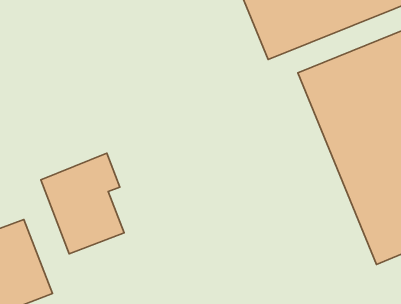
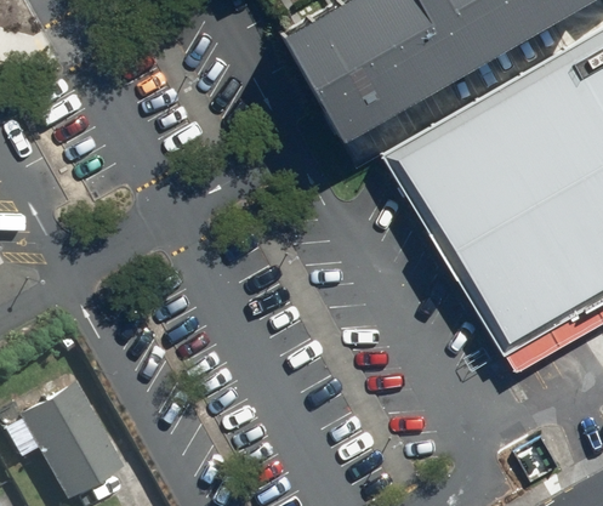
building: [41,153,124,254] -> none

